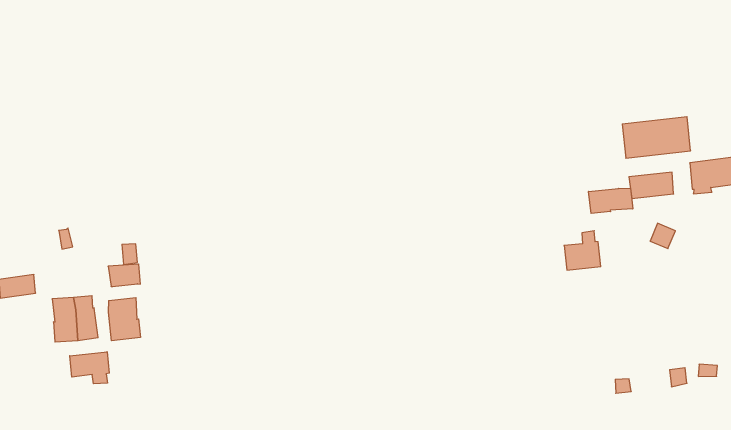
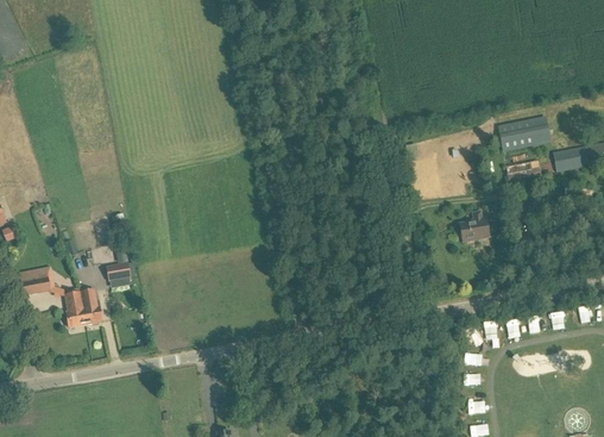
building: [589,188,633,213] -> none
building: [108,298,140,341] -> none
building: [70,352,109,384] -> none

